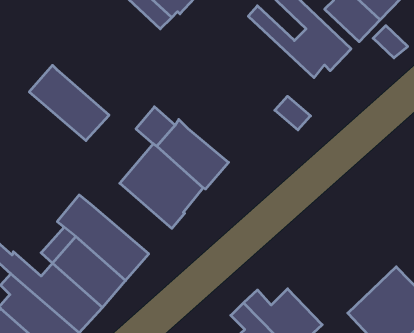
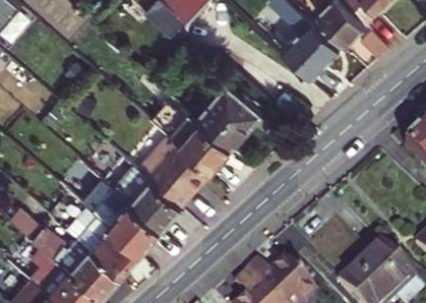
building: [29,65,109,141] -> [113,165,183,231]
building: none -> [197,85,262,150]

